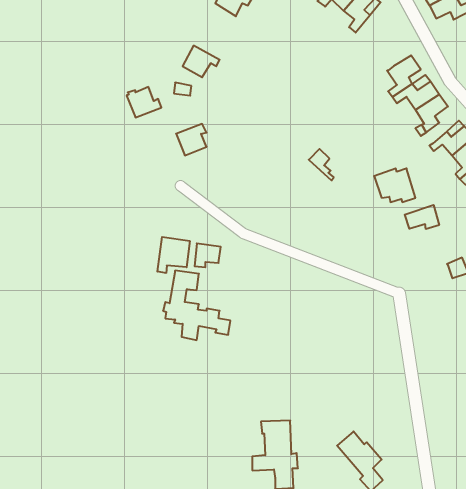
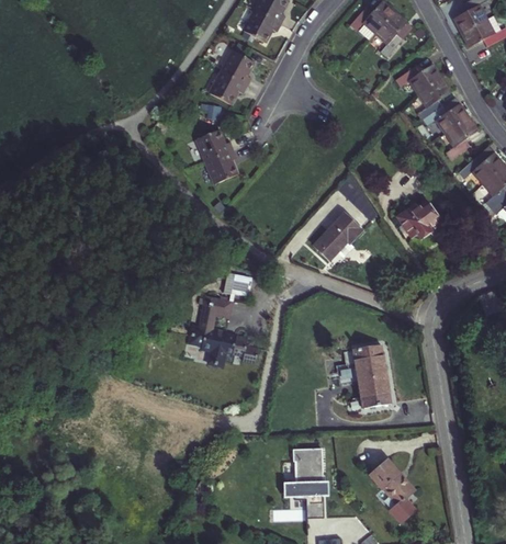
building: none -> [223,49,256,86]
building: none -> [395,68,442,97]
building: [127,87,161,117] -> [196,129,232,160]
building: none -> [315,211,363,257]
building: [405,205,439,229] -> none
building: [157,237,190,273] -> none
building: none -> [345,344,391,407]

